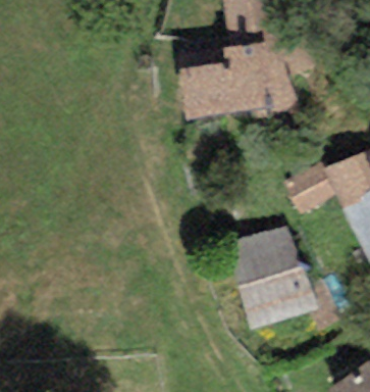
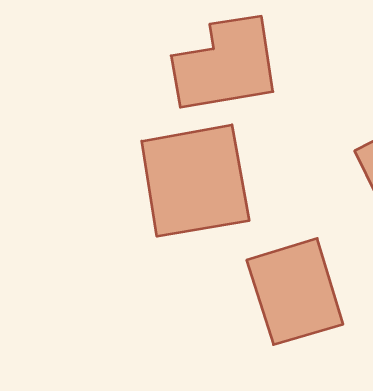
building: none -> [142,125,249,236]

